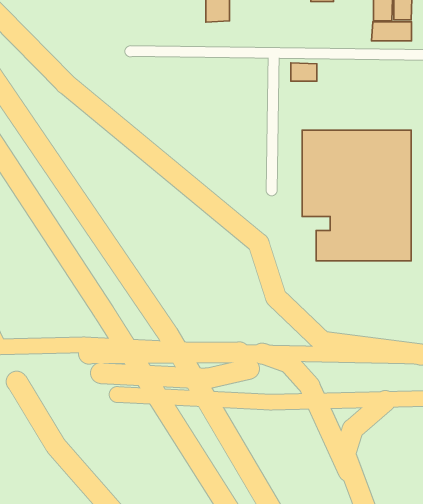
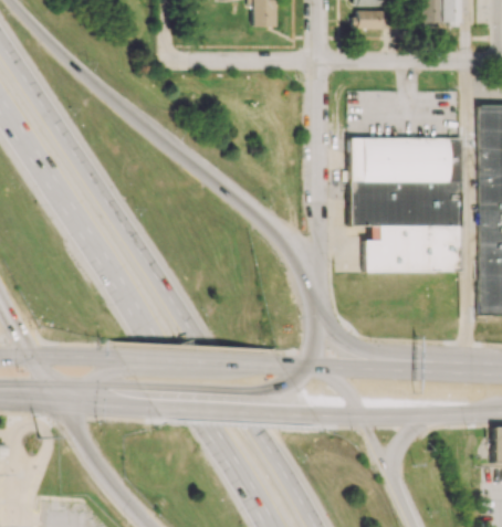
building: [372,22,412,41] -> none
building: [291,63,317,81] -> [359,9,386,28]

